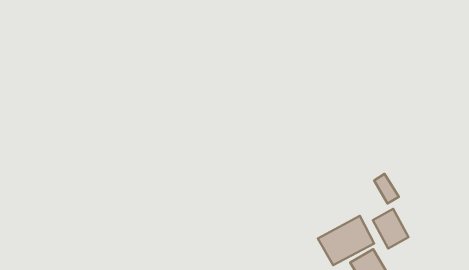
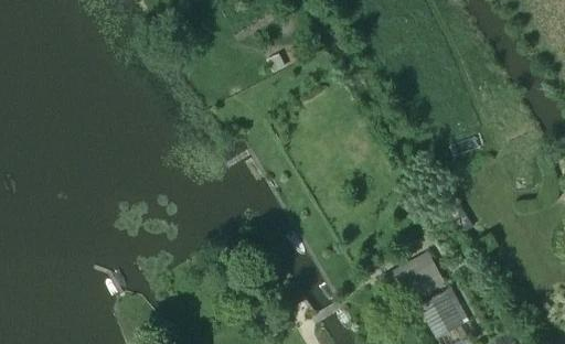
building: [373,209,409,249] -> none

